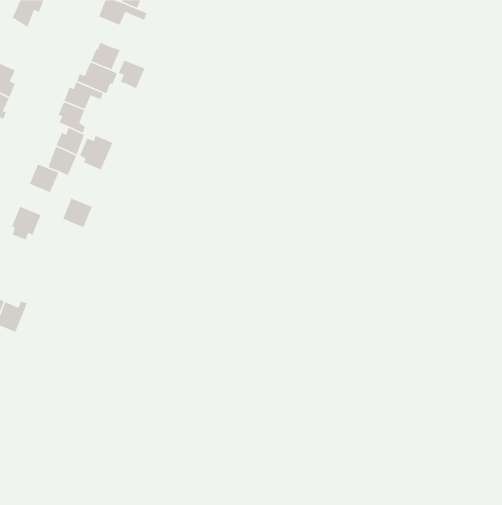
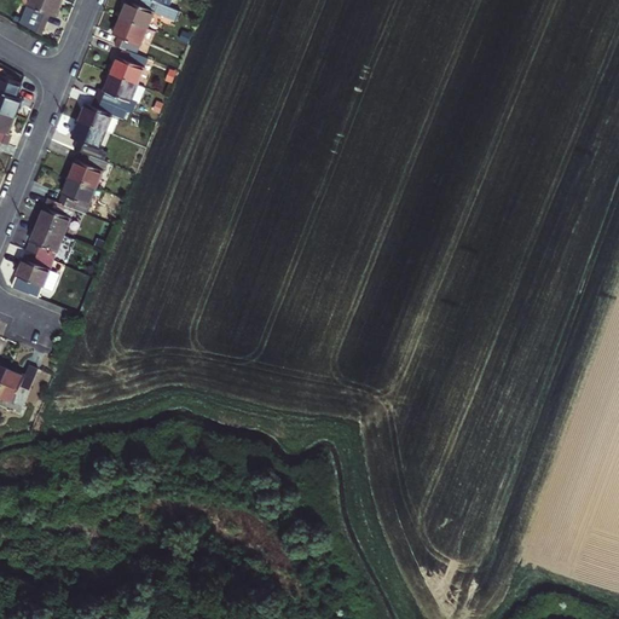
building: [118,59,146,89] -> [112,21,146,57]
building: [79,135,114,171] -> none
building: [62,197,93,228] -> [24,225,62,262]

